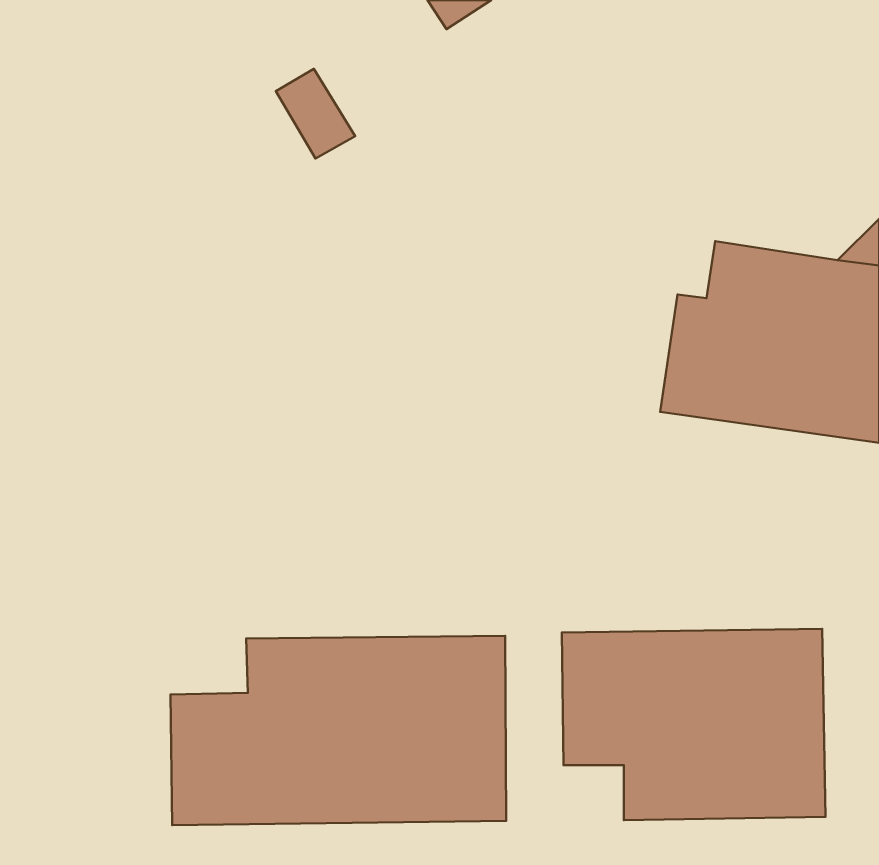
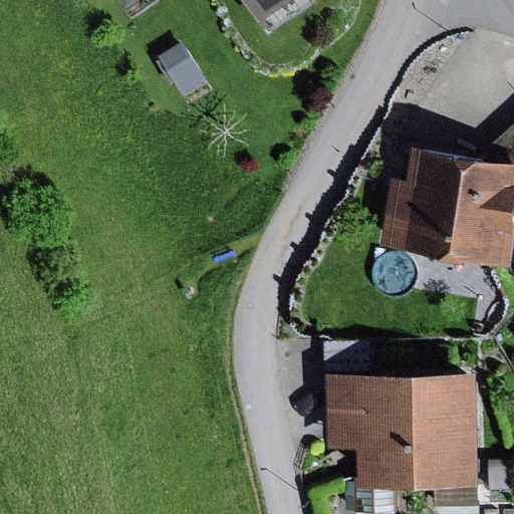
building: [171,636,506,825] -> none

